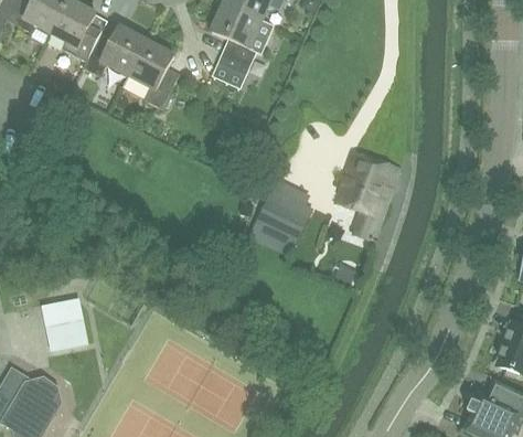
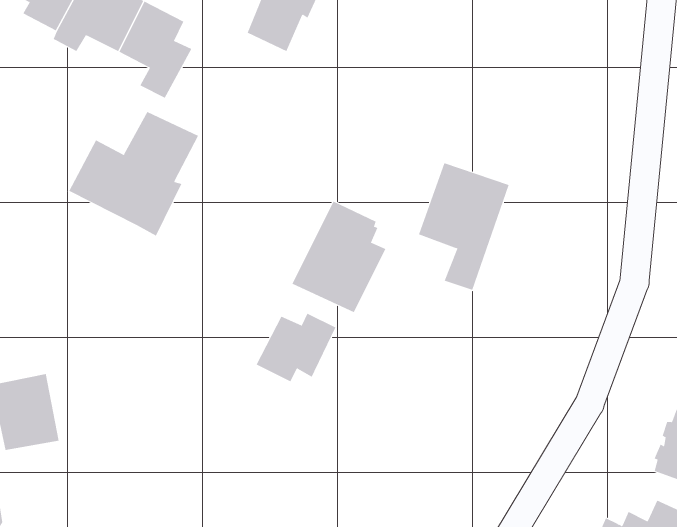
building: none -> [69,111,199,236]
building: none -> [256,313,336,382]

